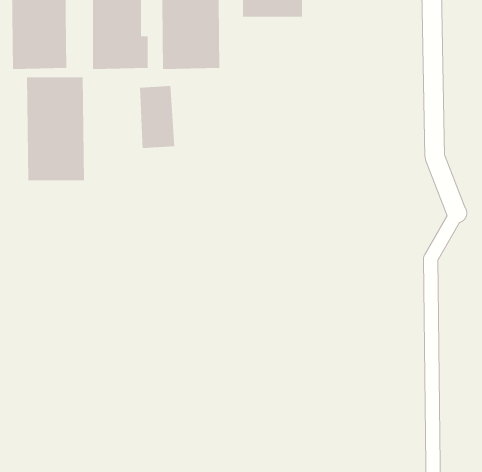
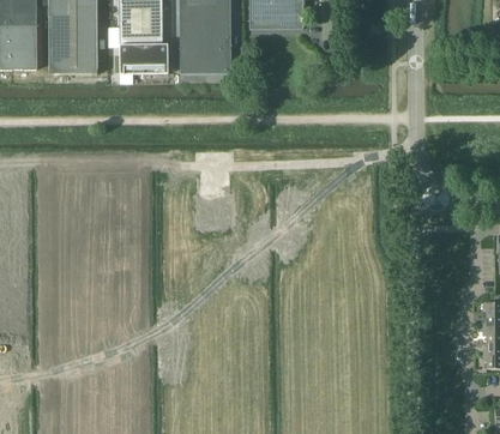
building: [26,76,85,181] -> none
building: [139,85,175,149] -> none

